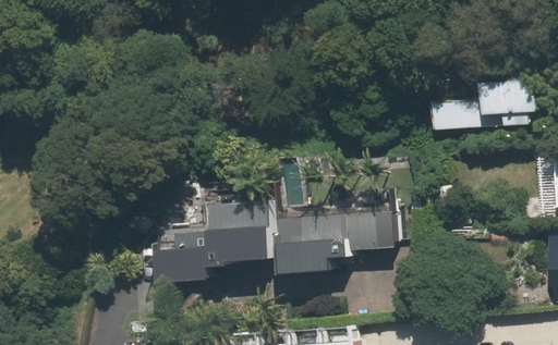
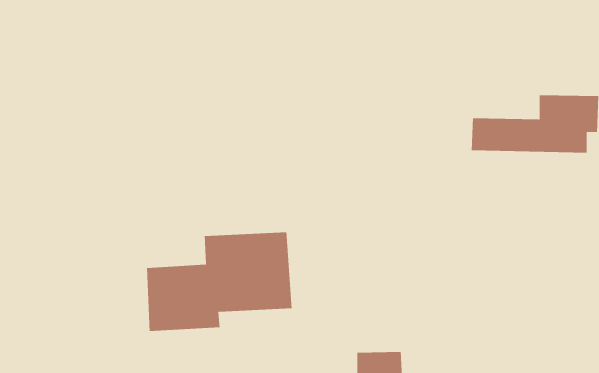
building: [275,211,396,278] -> none

